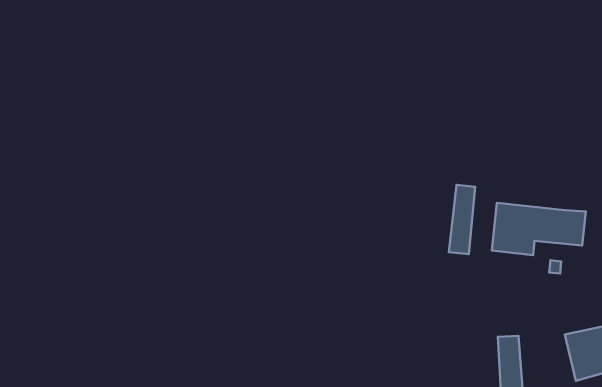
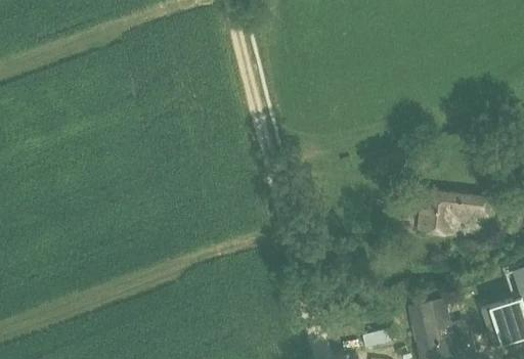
building: [449,185,475,254] -> none

